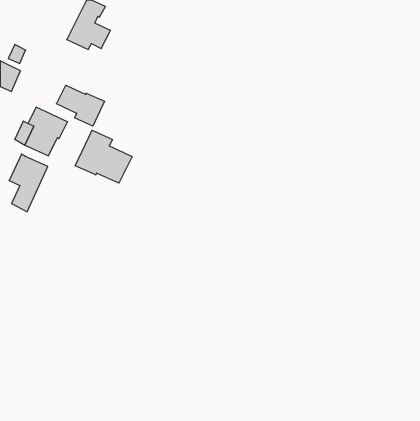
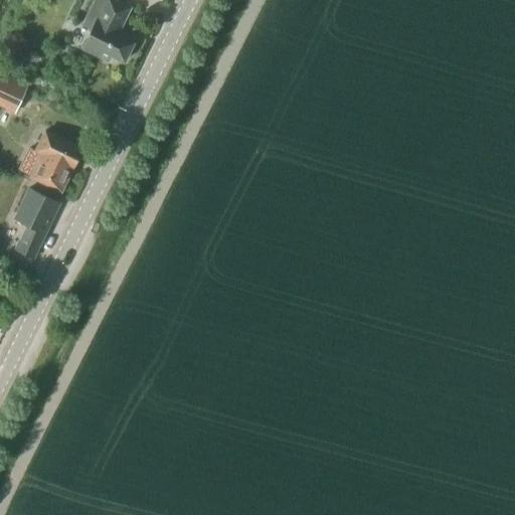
building: [56,85,104,126] -> none
building: [75,130,132,183] -> none

